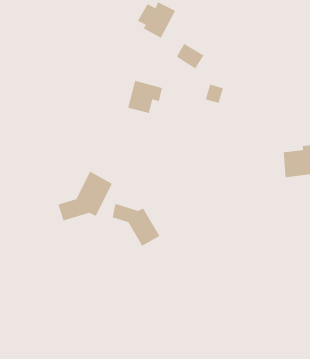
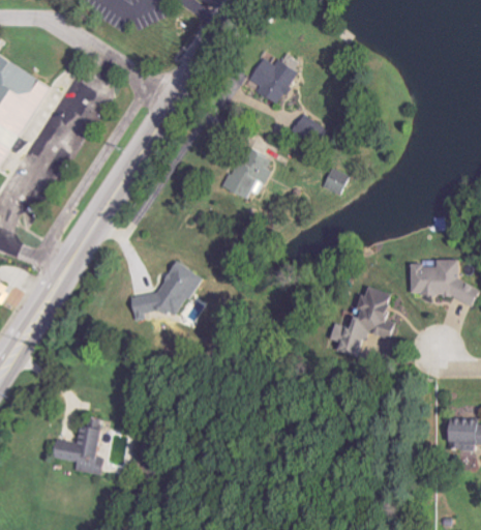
building: none -> [330,286,396,362]
building: [112,203,160,247] -> none
building: none -> [46,423,97,472]

